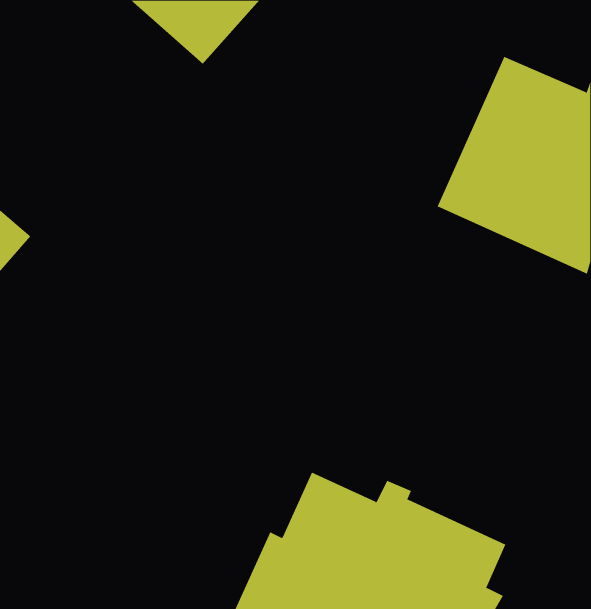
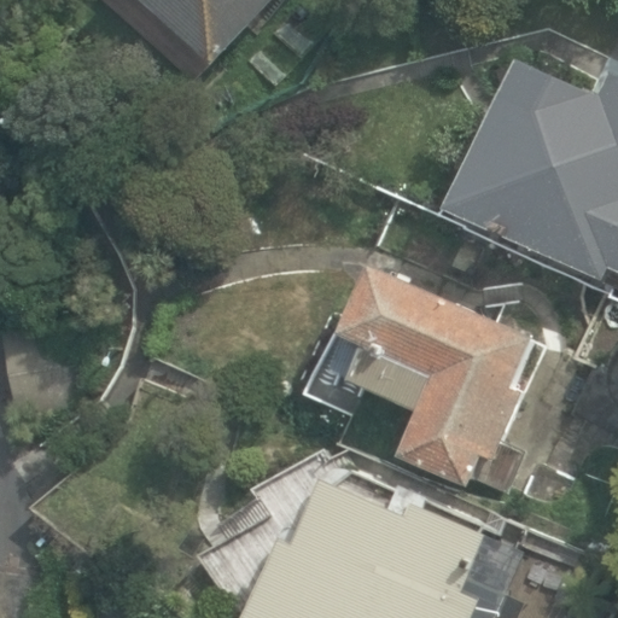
building: none -> [337,264,529,488]

